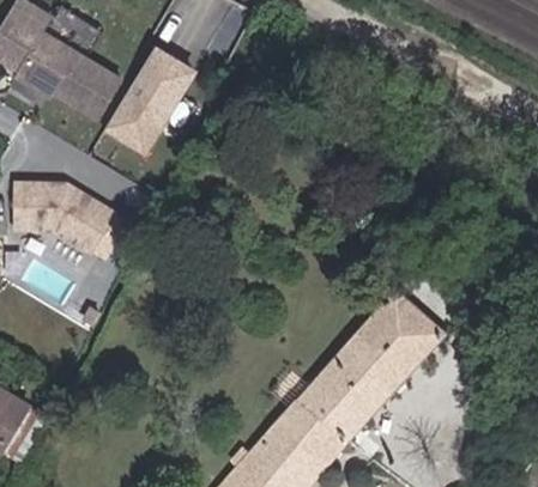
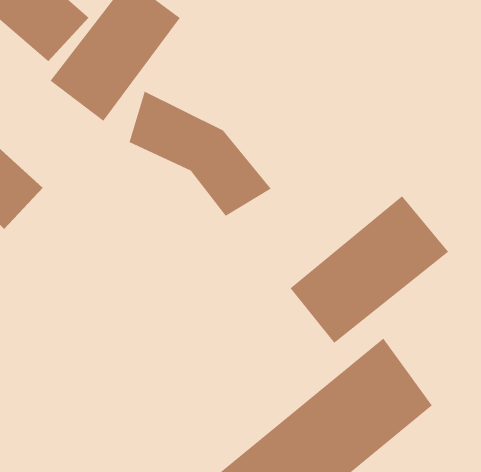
building: none -> [128,91,272,217]
building: none -> [289,195,449,344]

